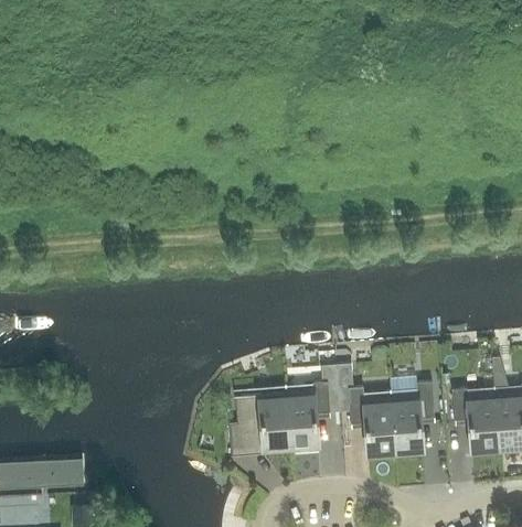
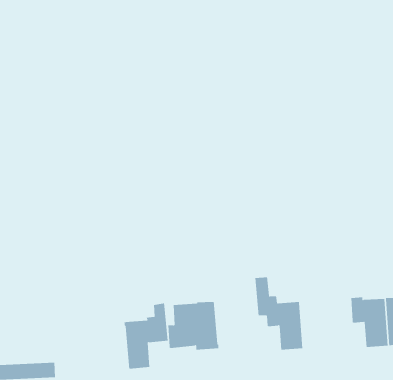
building: [285,364,340,444] -> [123,303,168,369]
building: [391,380,435,450] -> none

